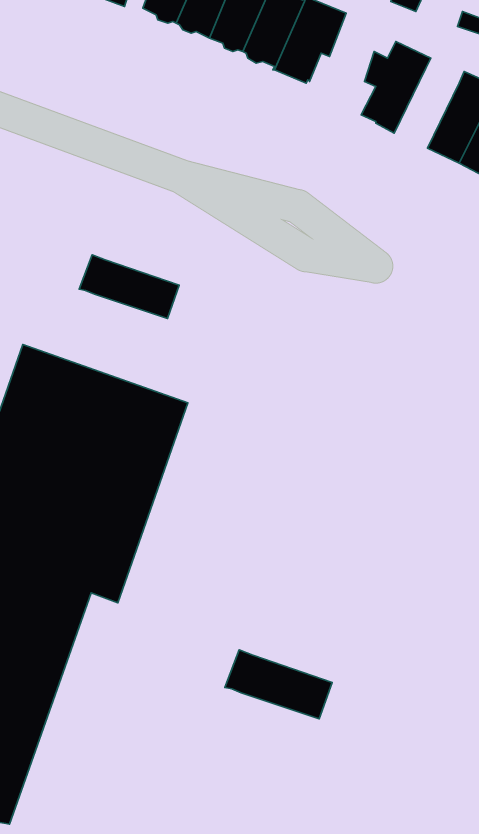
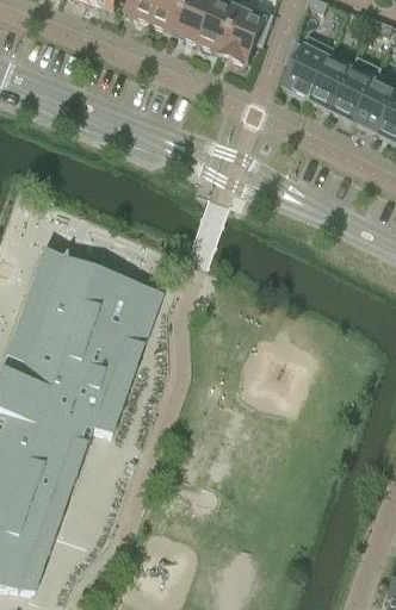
building: none -> [310,51,357,108]
building: [79,255,179,319] -> none
building: [225,650,332,719] -> none

